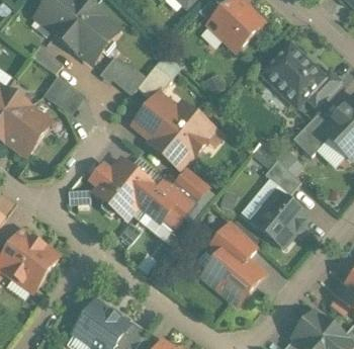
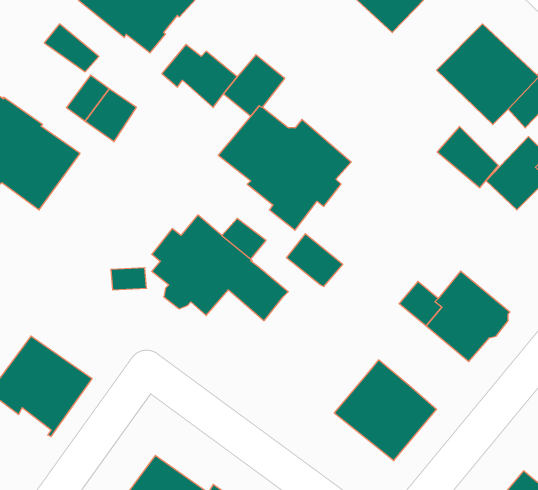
building: [263,159,299,195] -> [437,126,499,188]
building: [156,178,193,215] -> none
building: [212,222,257,260] -> none

